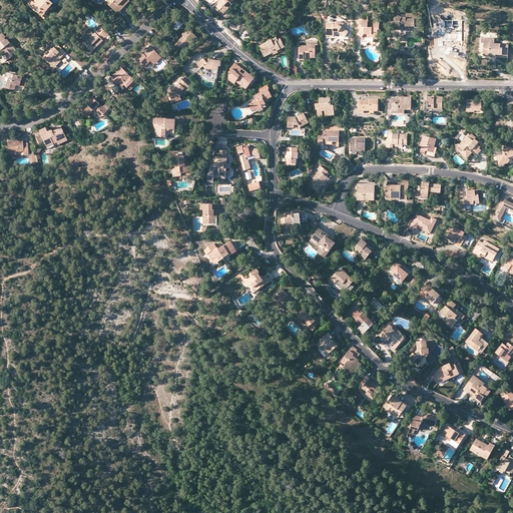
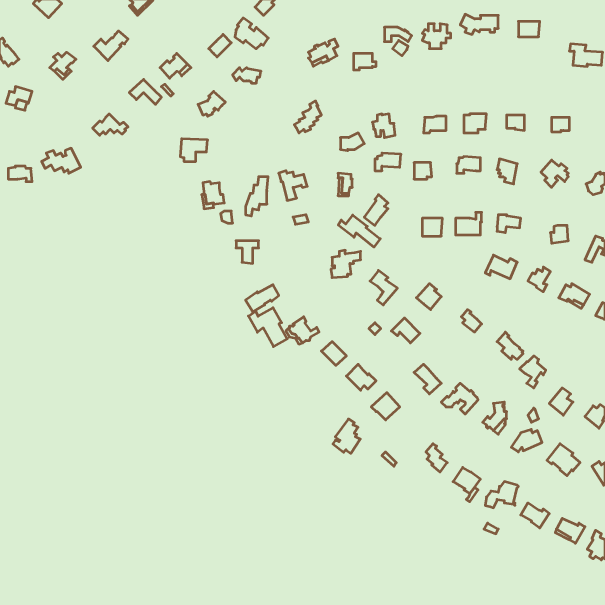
building: [227,62,255,88] -> [235,18,268,49]
building: none -> [338,215,380,247]
building: none -> [248,308,287,347]
building: [338,346,361,375] -> [333,419,360,453]

